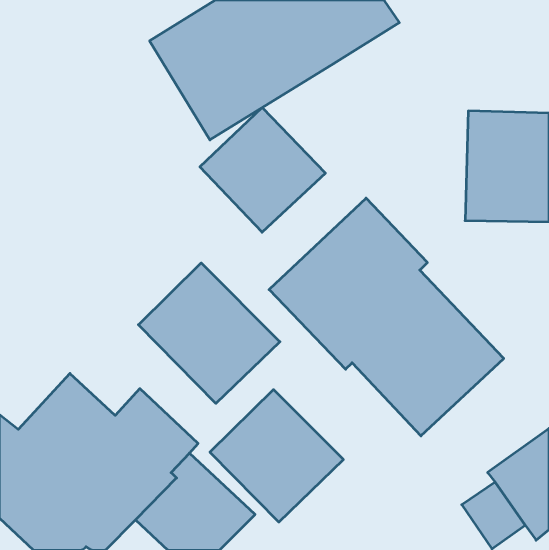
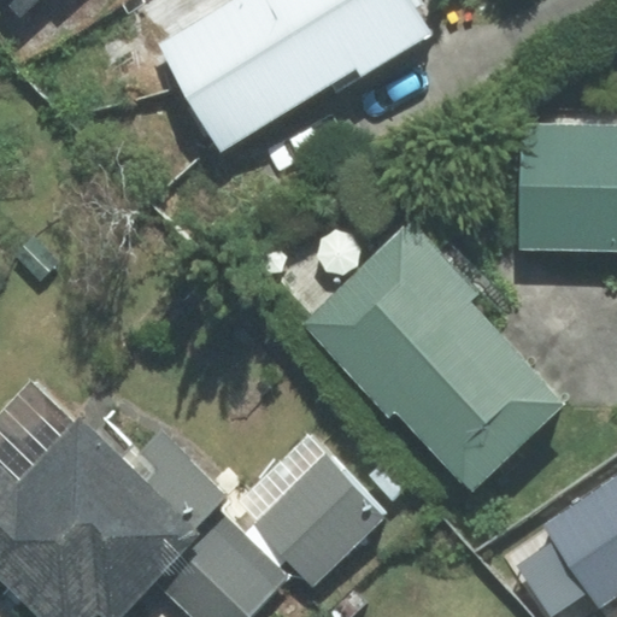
building: [200,108,325,232] -> none
building: [138,263,280,403] -> none

